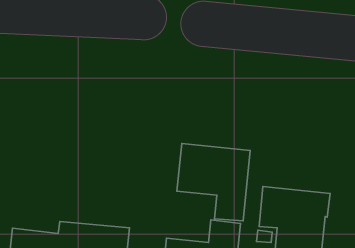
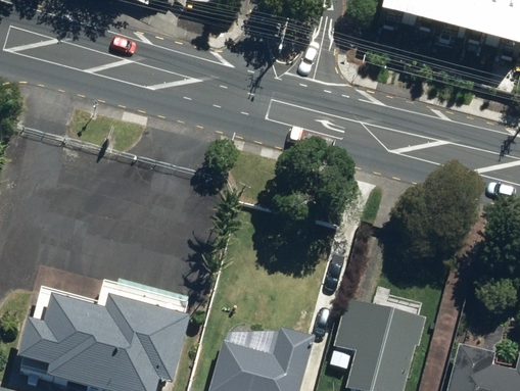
building: [177,143,250,221] -> none

